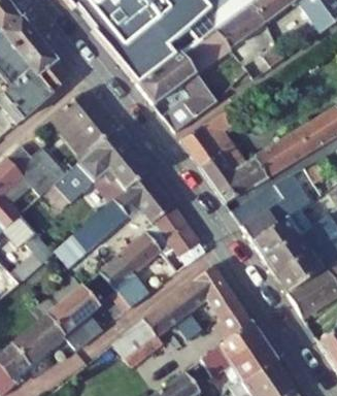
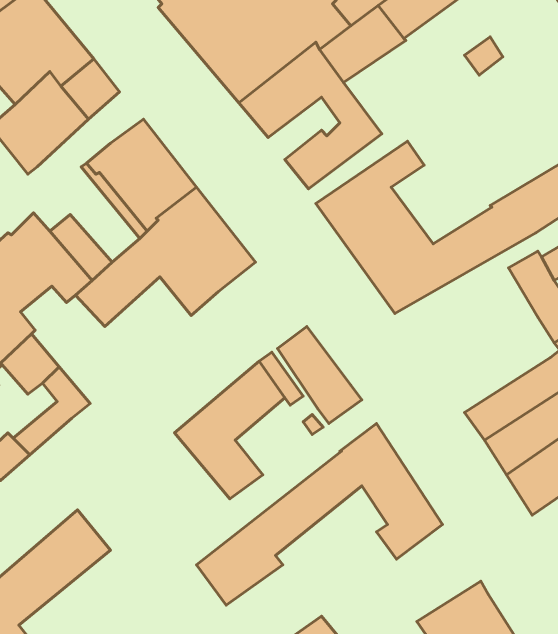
building: [57,173,172,264] -> none
building: [230,185,311,258] -> none
building: [45,284,102,350] -> none
building: [199,321,272,376] -> none

